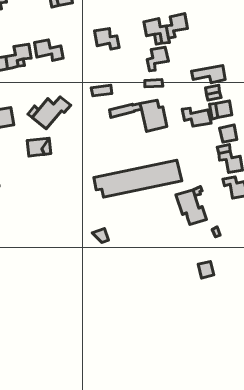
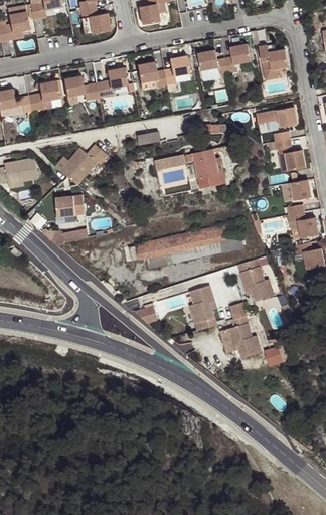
building: none -> [259,45,288,79]
building: none -> [96,67,128,98]
building: [147,47,168,71] -> [164,55,190,84]
building: [182,108,211,126] -> none
building: none -> [188,285,217,330]
building: none -> [227,315,261,358]

